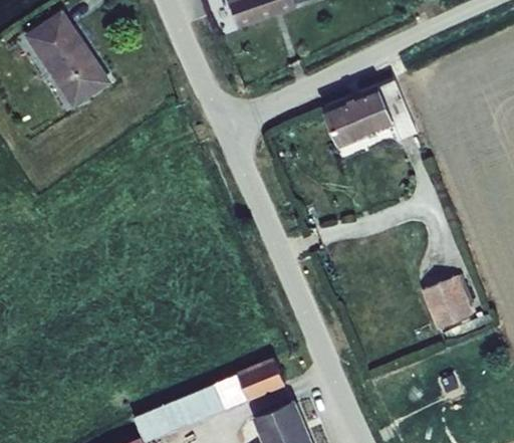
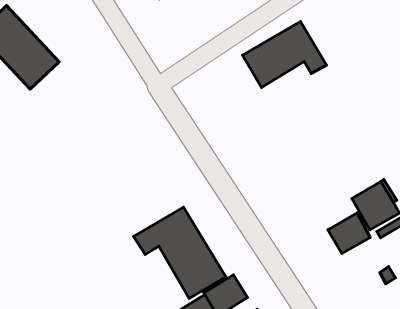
building: none -> [134,207,226,299]
building: none -> [328,213,370,254]

